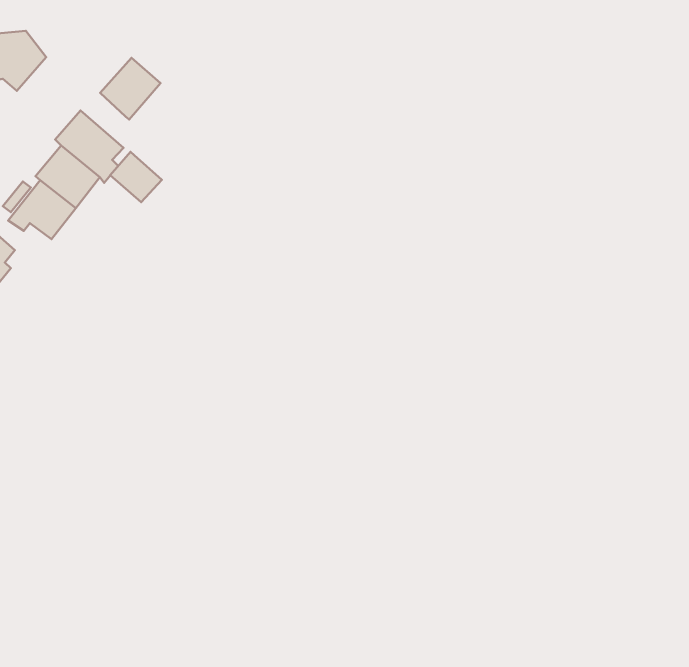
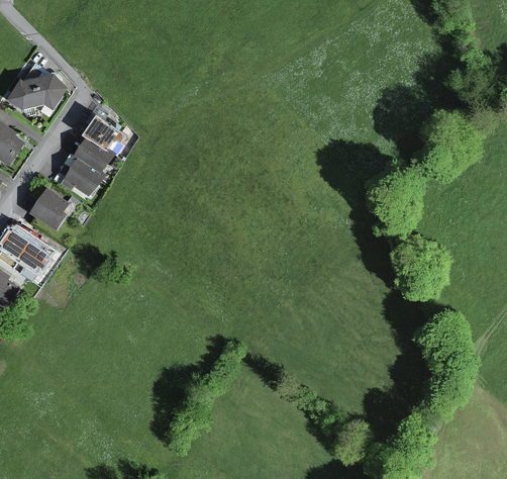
building: [100,58,160,119] -> none
building: [110,152,162,202] -> none

